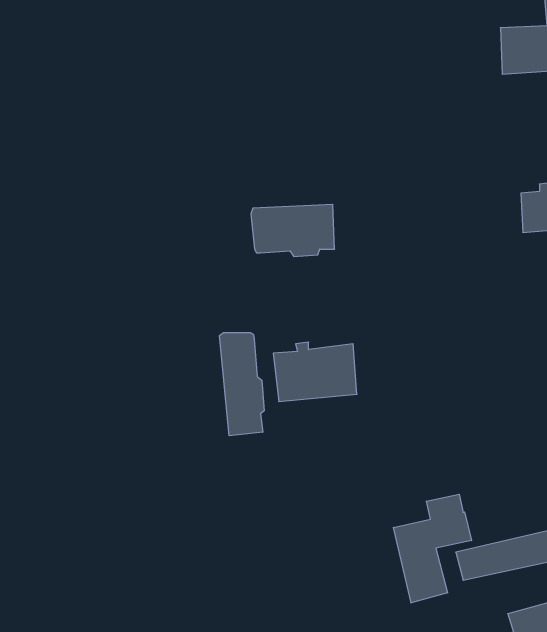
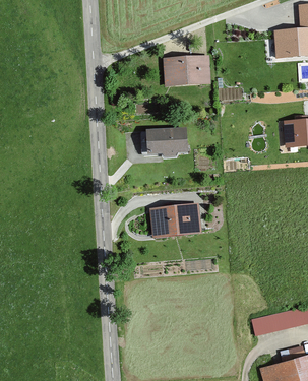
building: none -> [164,57,208,84]
building: [220,333,264,436] -> none
building: [393,494,471,603] -> none

